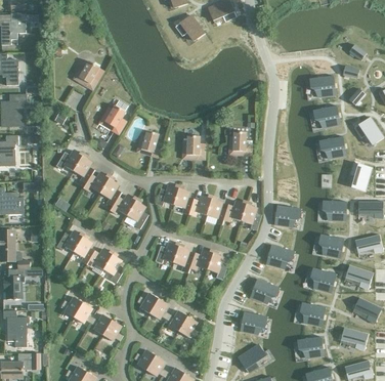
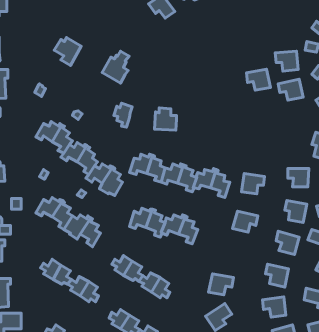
building: [99,100,128,134] -> [102,51,129,83]
building: [229,131,252,156] -> none
building: [320,135,346,158] -> [246,69,271,90]
building: [250,280,277,303] -> none

